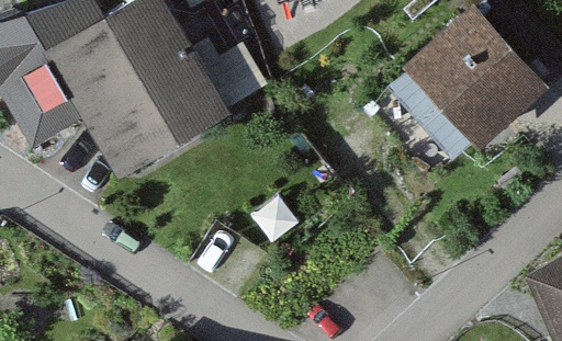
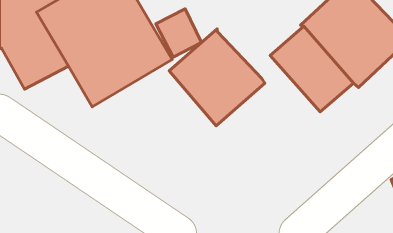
building: none -> [169,29,265,126]

